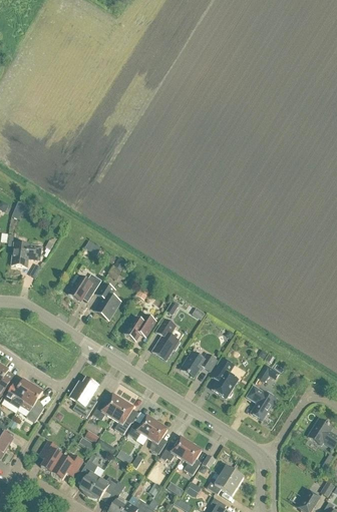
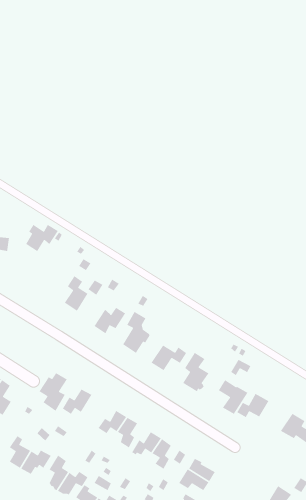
building: [68,273,101,301] -> [25,224,59,252]
building: none -> [236,393,270,418]
building: [111,400,133,433] -> none

